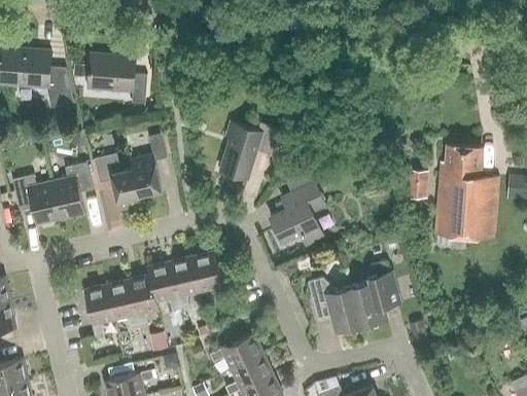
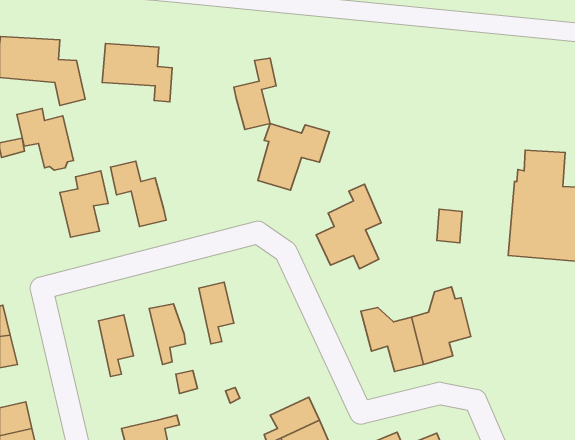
building: [131,135,167,195] -> [234,58,276,130]
building: [408,171,429,200] -> [437,209,462,243]
building: [12,175,61,227] -> [17,109,74,170]
building: [191,252,224,301] -> none
building: [147,262,180,312] -> none
building: [106,280,139,329] -> none
building: [210,333,264,370] -> none

